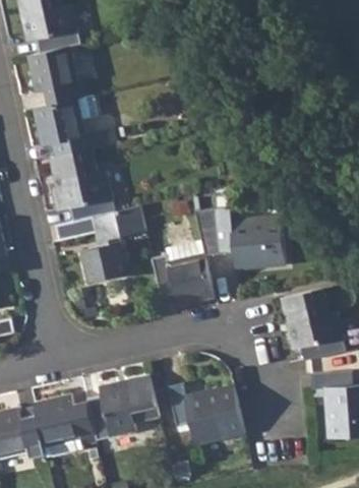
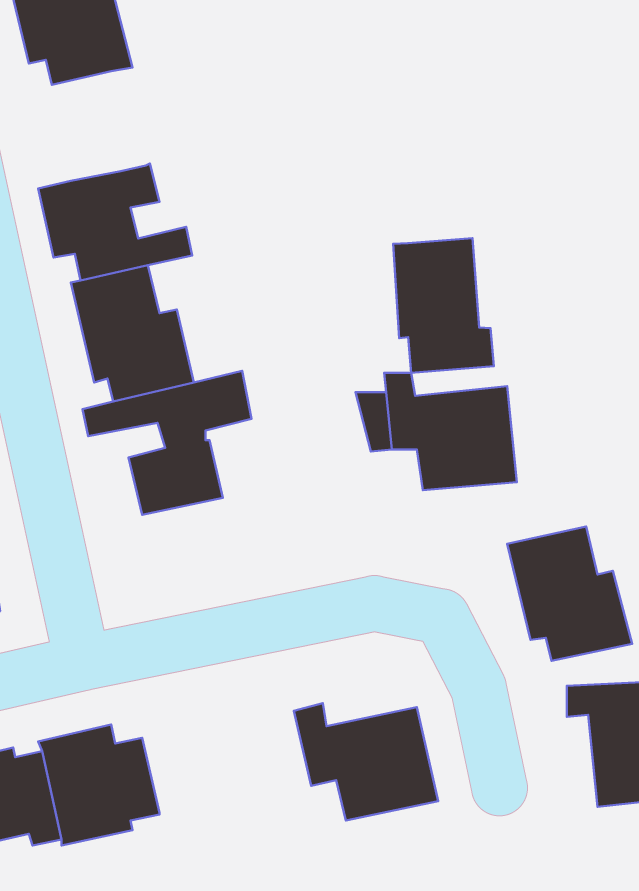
building: [25,48,88,106] -> none
building: none -> [393,238,494,373]
building: [151,253,215,307] -> none
building: [85,374,158,440] -> none

